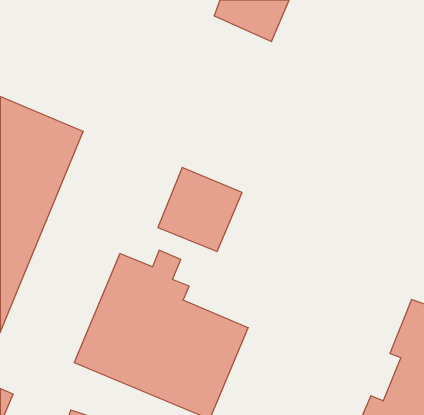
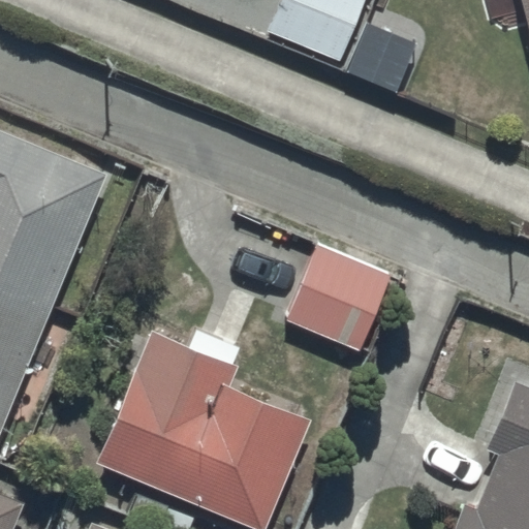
building: [158,168,242,252] -> [286,246,391,350]

